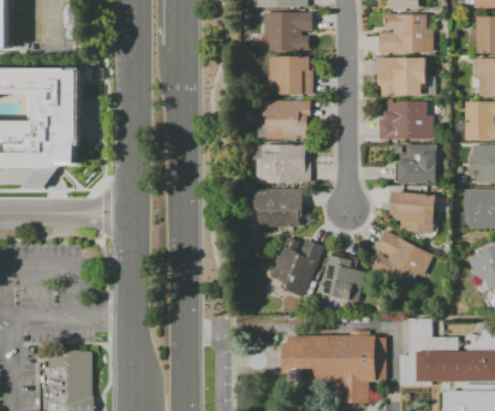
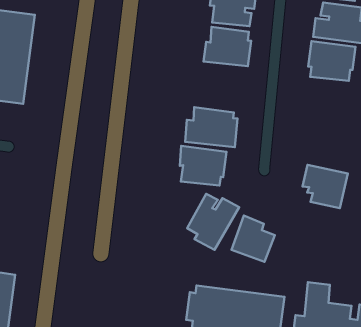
building: [262,100,310,138] -> none
building: [380,102,434,139] -> none
building: [396,144,435,184] -> none
building: [372,231,434,287] -> none

